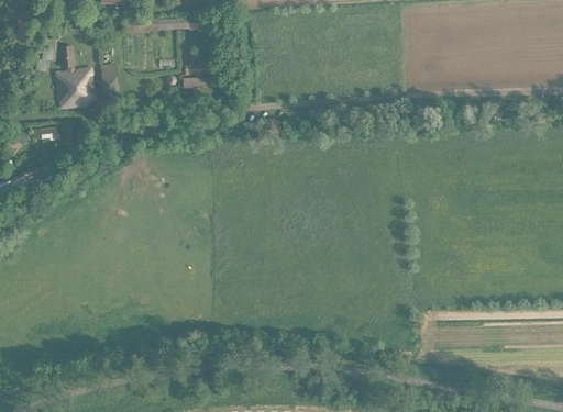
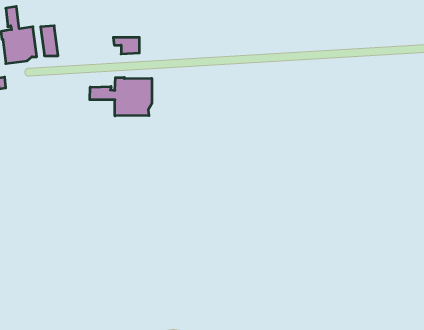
building: none -> [90,77,152,116]

